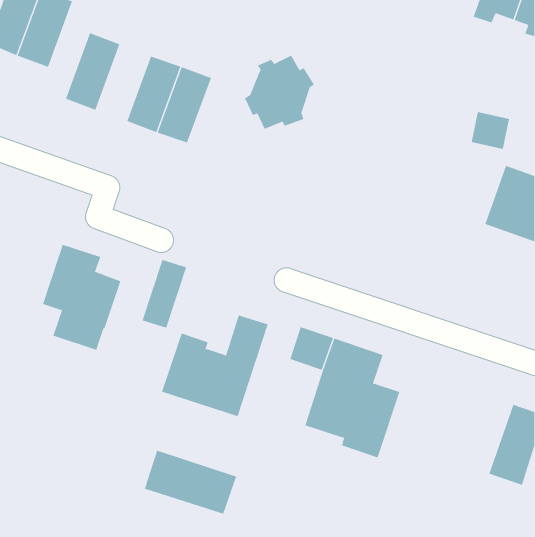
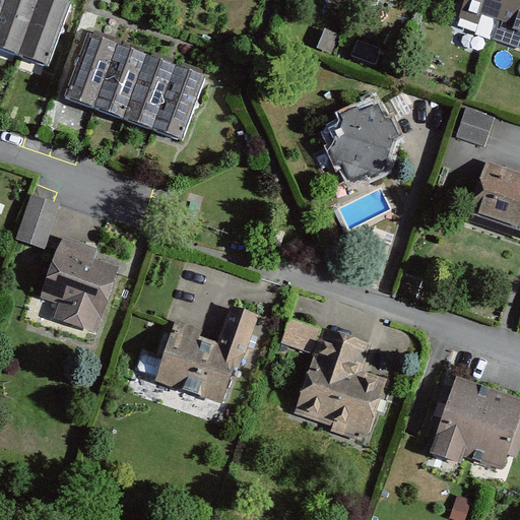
building: none -> [92,43,145,117]
building: [244,55,315,130] -> [332,105,400,177]
building: none -> [16,193,56,246]
building: [142,259,187,329] -> none
building: none -> [434,378,495,461]
building: [144,450,237,515] -> none

